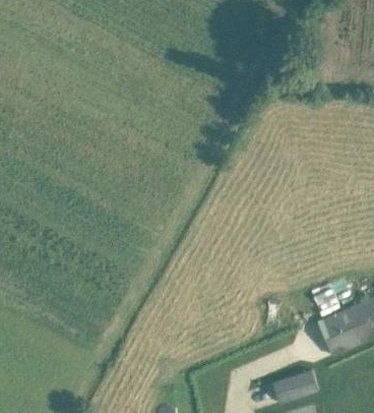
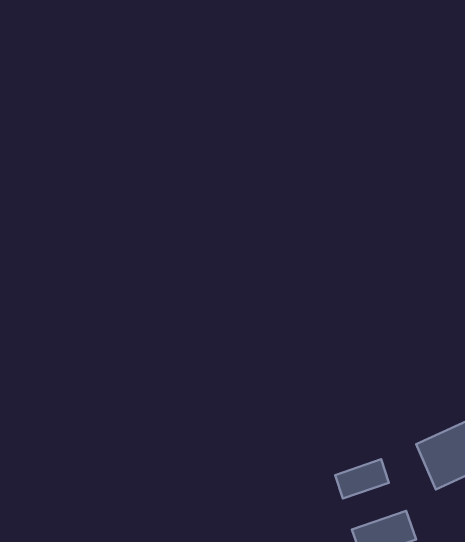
building: none -> [335,459,389,499]

